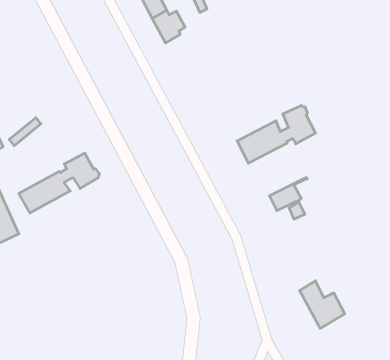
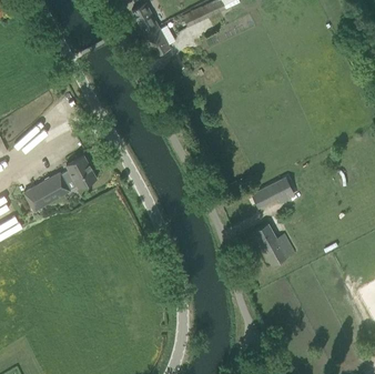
building: [237,105,315,163] -> none
building: [300,281,345,328] -> [253,222,294,265]

